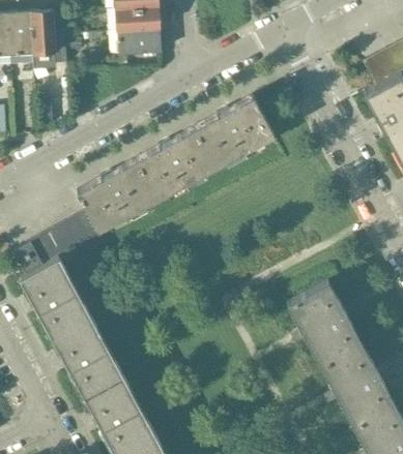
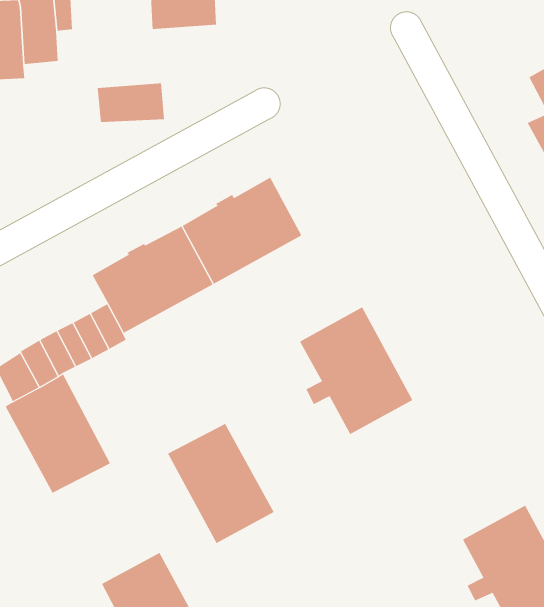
building: [116,29,161,55] -> [97,83,165,123]
building: [194,96,274,167] -> none
building: [286,281,361,365] -> [299,307,413,435]
building: [51,315,121,394] -> [167,423,275,544]

